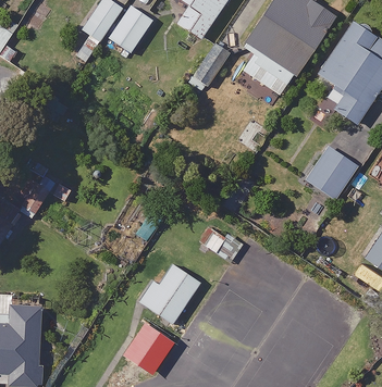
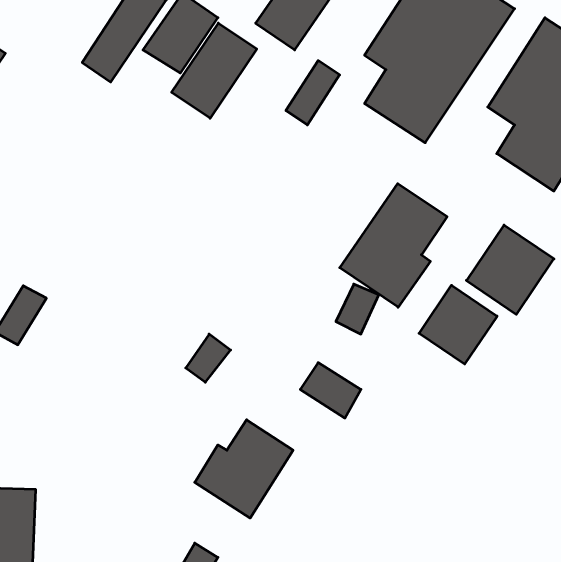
building: none -> [172,23,257,118]
building: none -> [340,184,447,307]
building: none -> [419,285,497,364]

